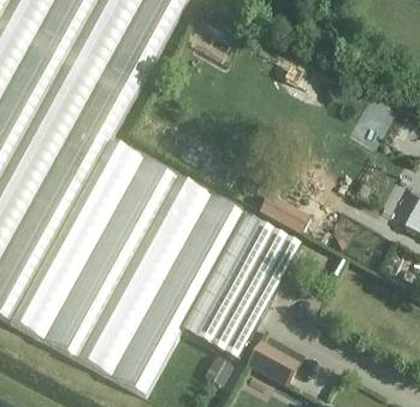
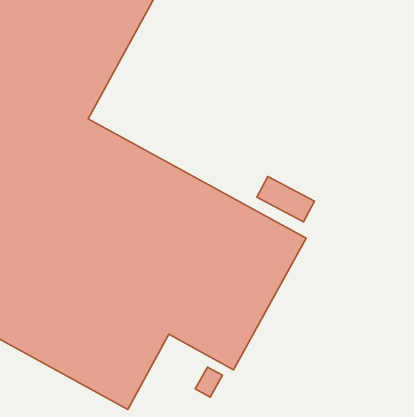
building: [247,341,296,384] -> none

